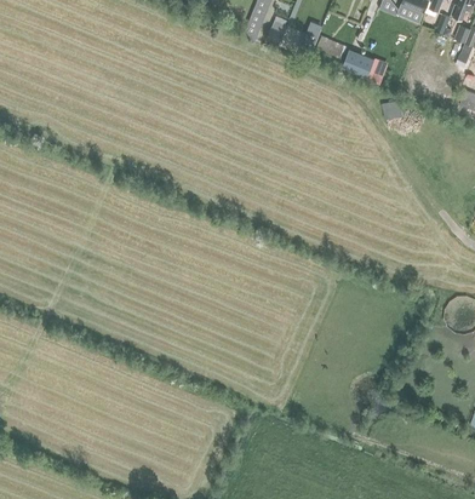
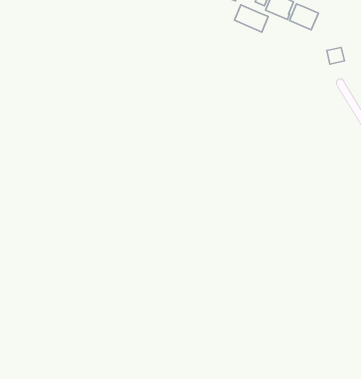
building: none -> [234,5,268,32]

